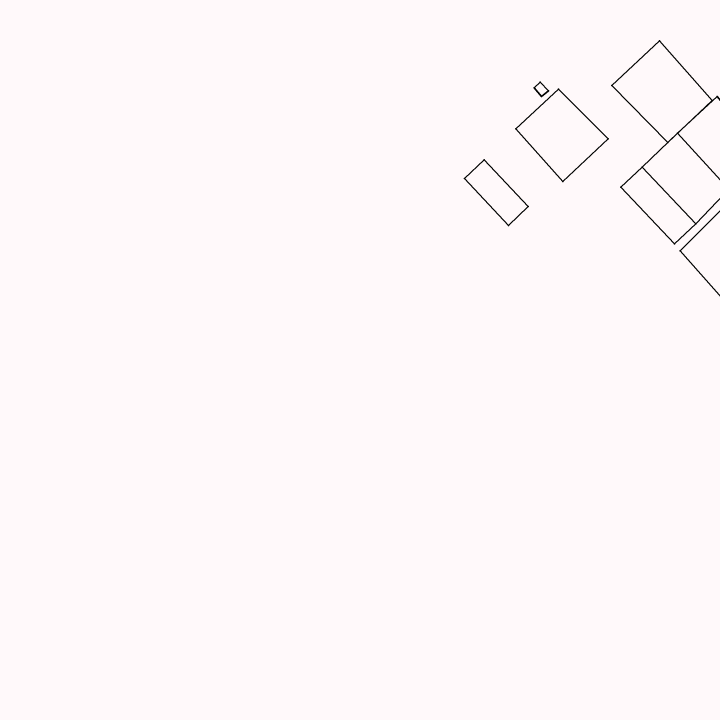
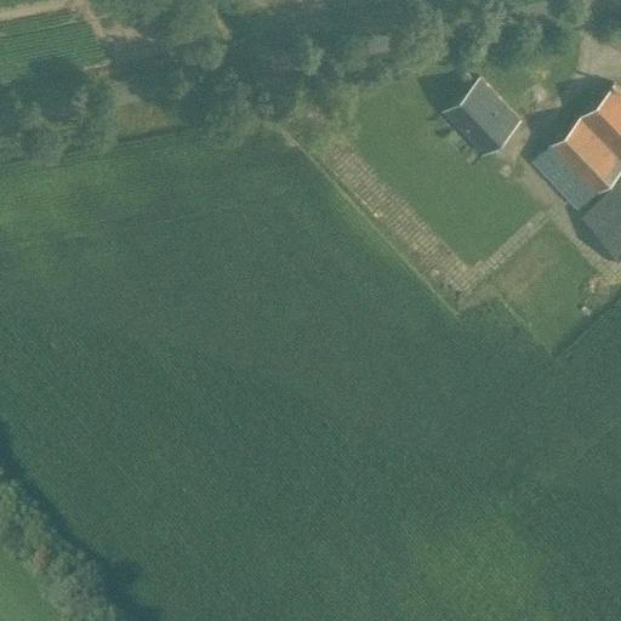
building: [612,41,712,142] -> none
building: [465,160,528,225] -> none

